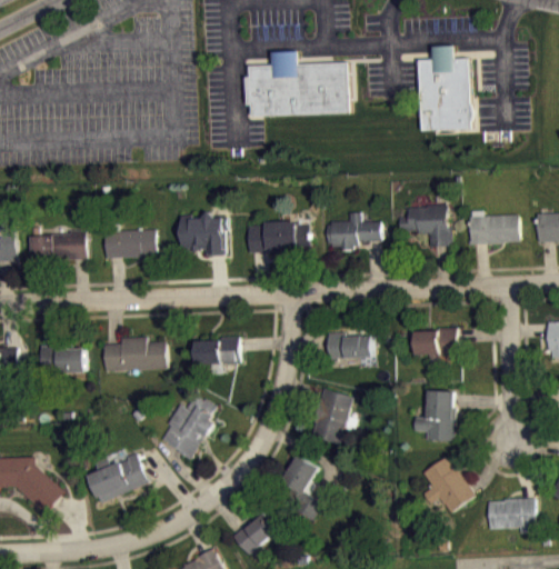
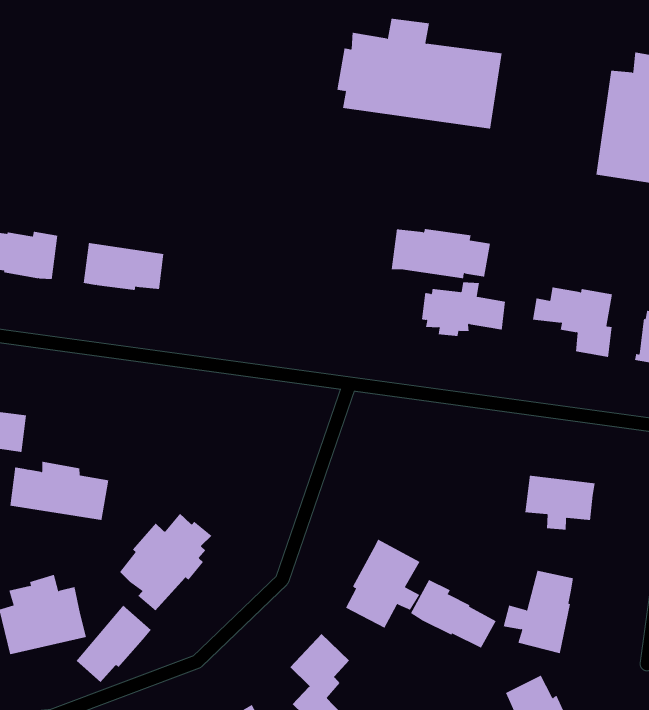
building: [179,211,228,254] -> none
building: [247,221,309,252] -> [391,228,491,279]
building: [327,332,370,359] -> none
building: [102,337,164,369] -> [9,461,109,520]
building: [194,337,239,365] -> none
building: none -> [410,579,496,649]
building: none -> [76,605,151,683]

